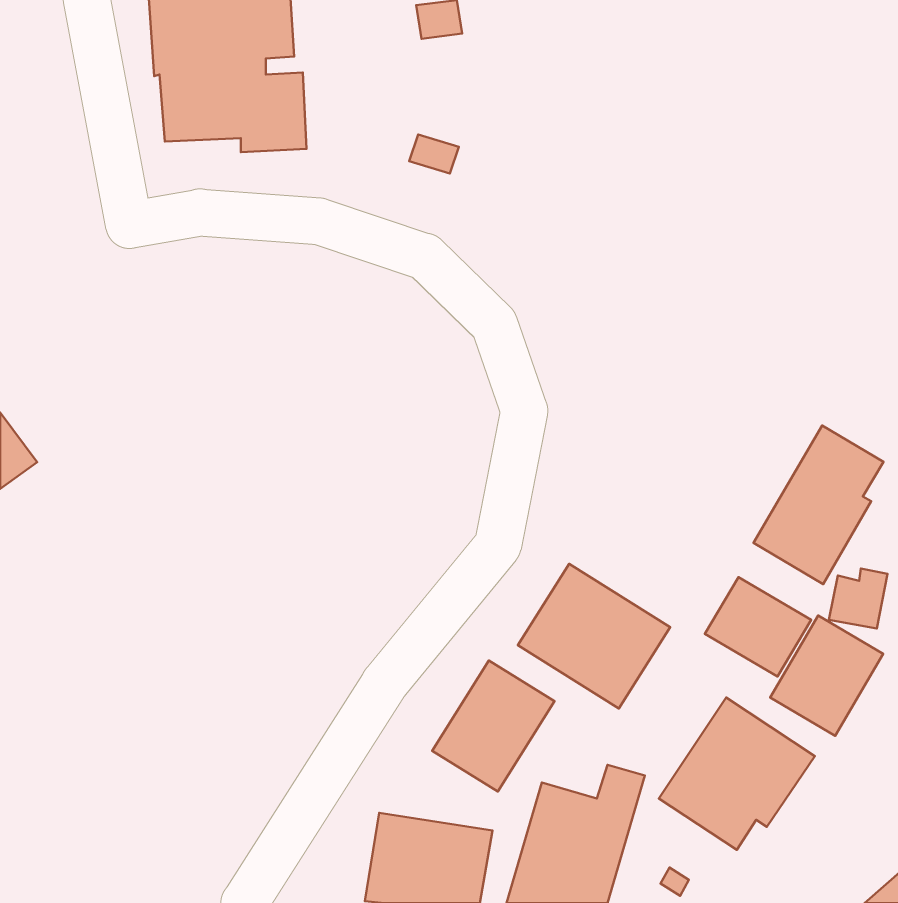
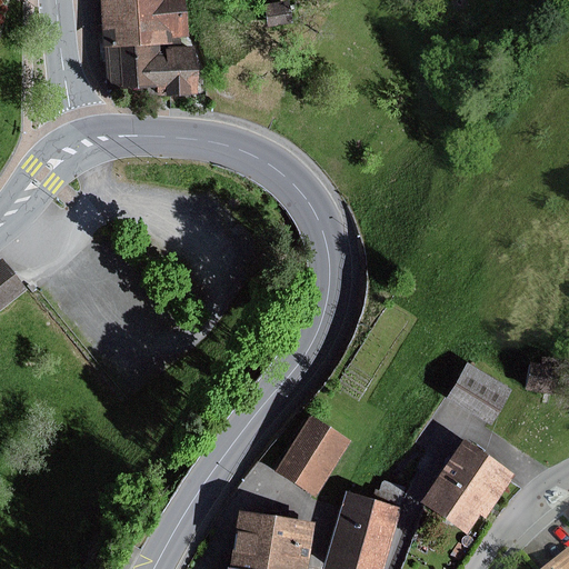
building: [754,426,883,584] -> none
building: [518,564,670,708] -> none
building: [770,616,883,736] -> none

